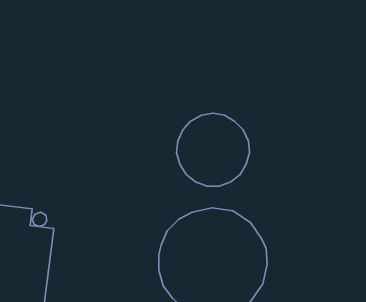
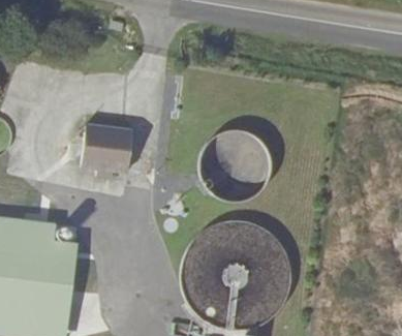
building: none -> [81,124,132,173]

